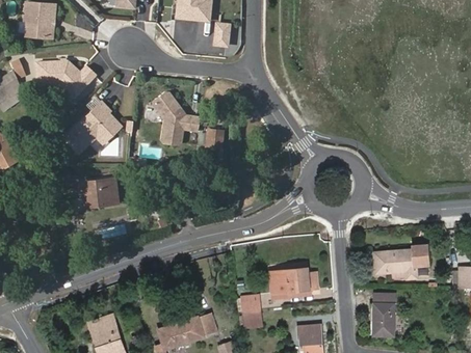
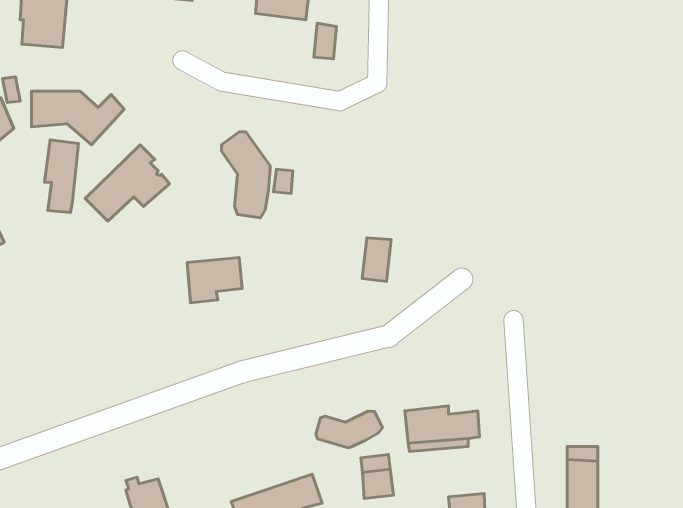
building: none -> [44,140,78,213]
building: [204,128,223,156] -> [362,238,391,282]
building: [81,180,116,209] -> [187,258,242,303]
building: [376,245,429,278] -> none
building: none -> [316,411,383,448]

